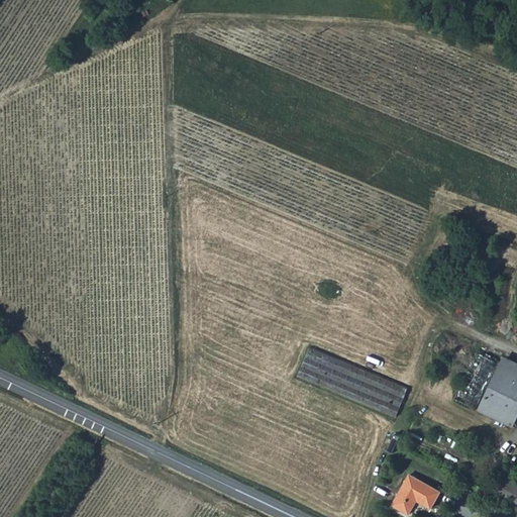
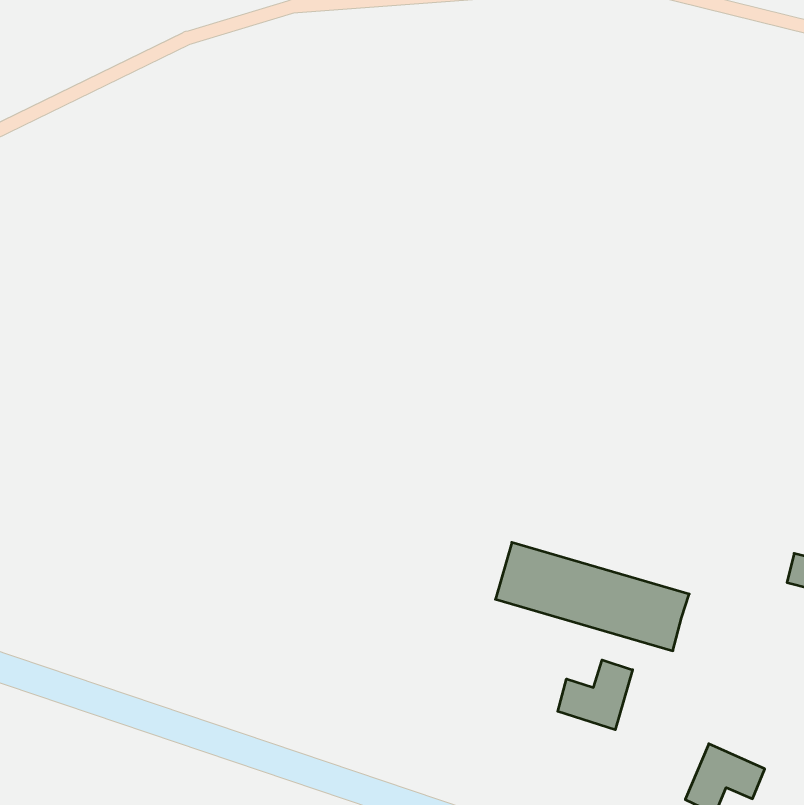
building: none -> [558,660,633,730]

